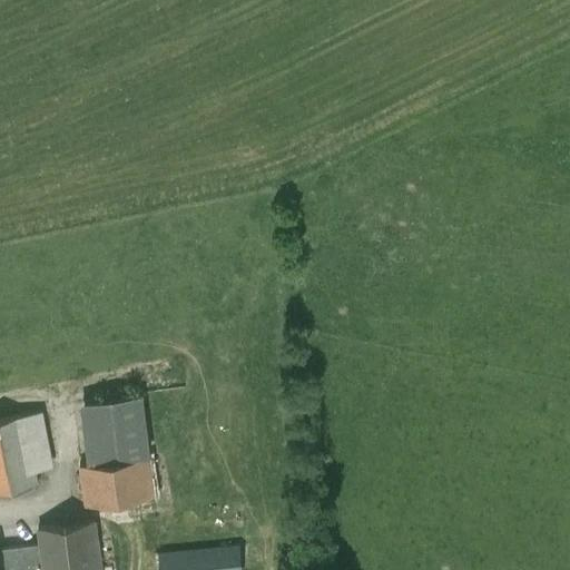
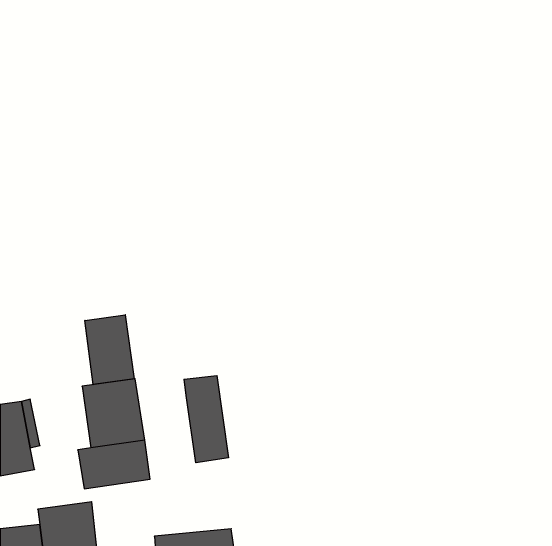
building: none -> [85,315,134,385]
building: none -> [184,376,228,463]

